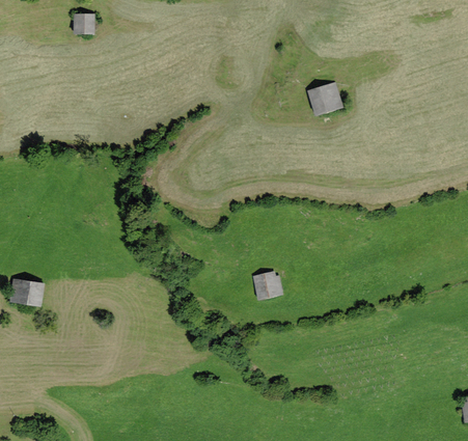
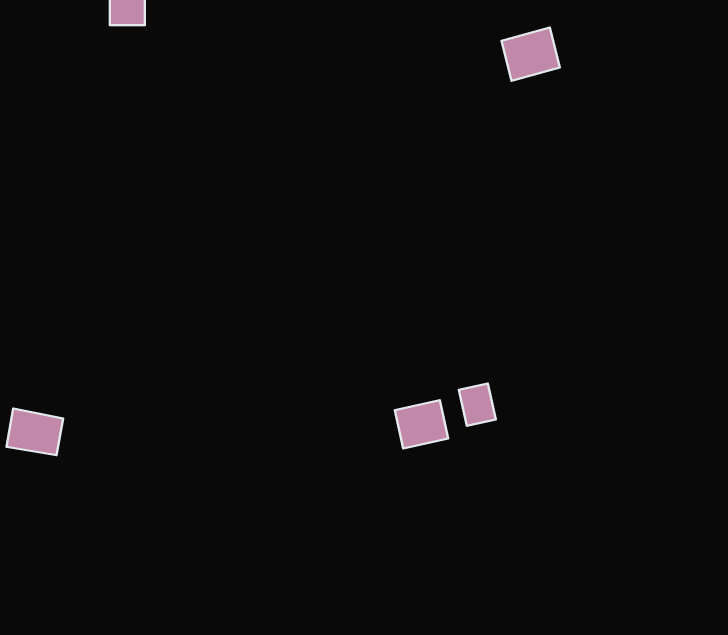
building: [306,82,342,115] -> [502,27,560,81]
building: none -> [459,383,496,426]

